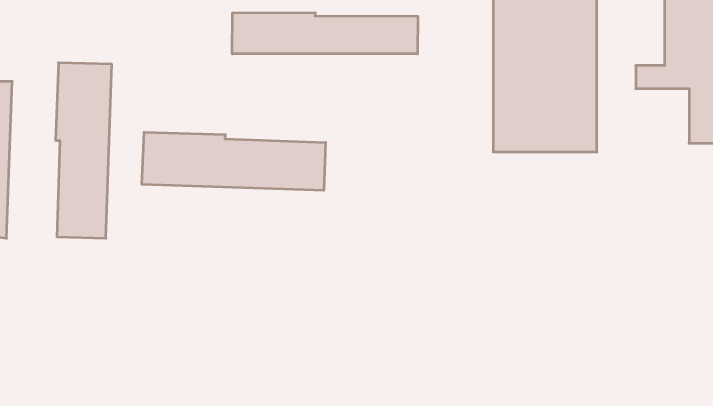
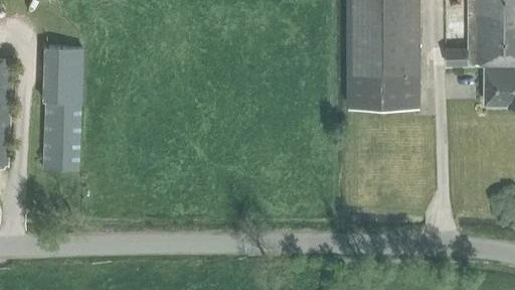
building: [232,13,418,54] -> none
building: [142,132,326,190] -> none

